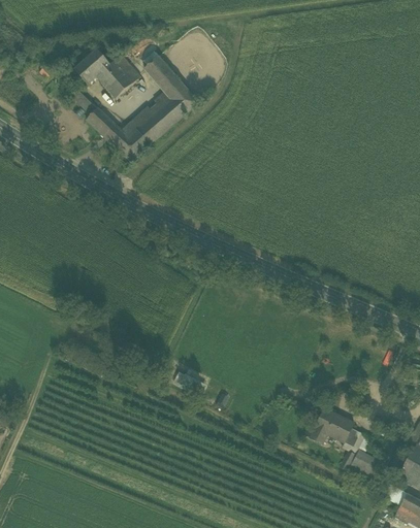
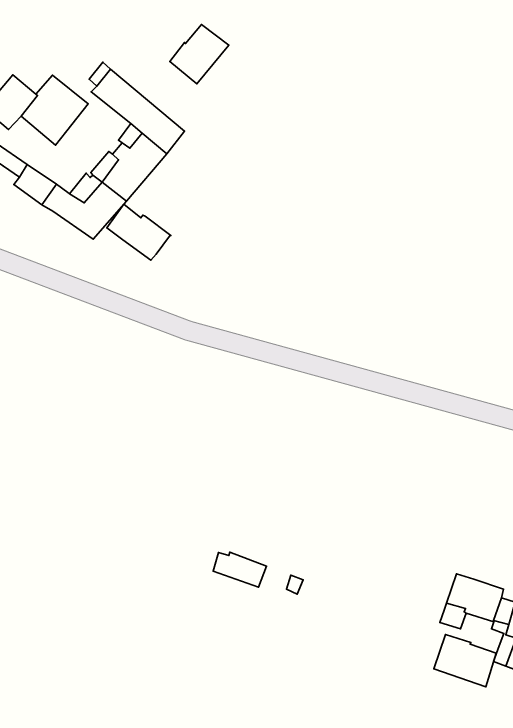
building: none -> [170,24,229,84]
building: none -> [107,204,171,260]
building: none -> [434,635,496,687]

